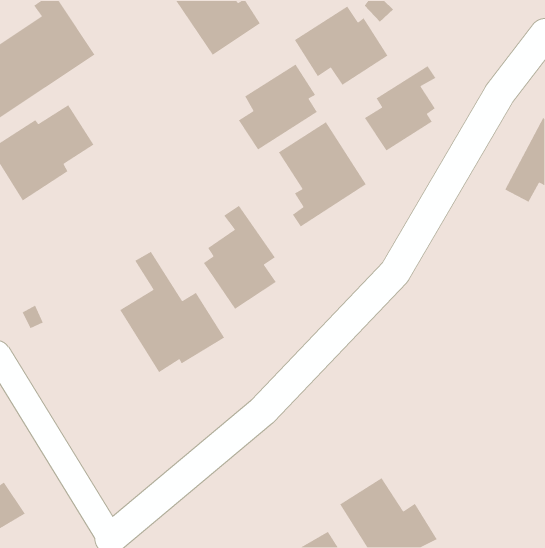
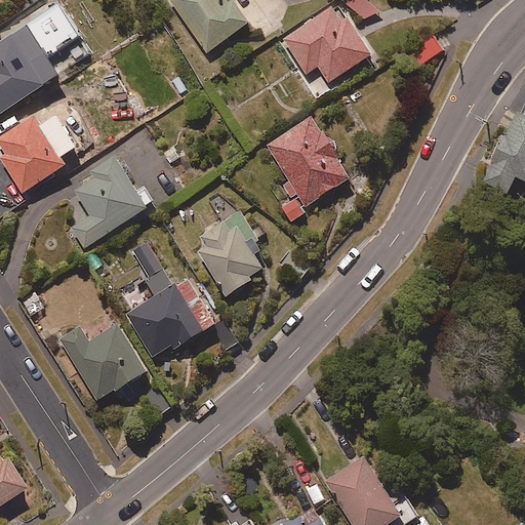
building: [238,63,318,151] -> none
building: [364,65,436,152] -> none
building: none -> [64,155,154,249]
building: none -> [57,323,147,402]

